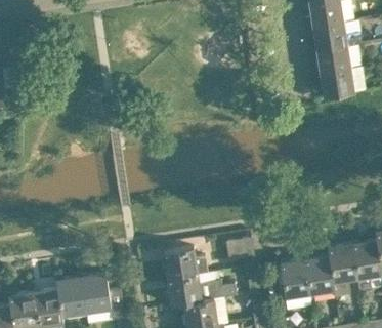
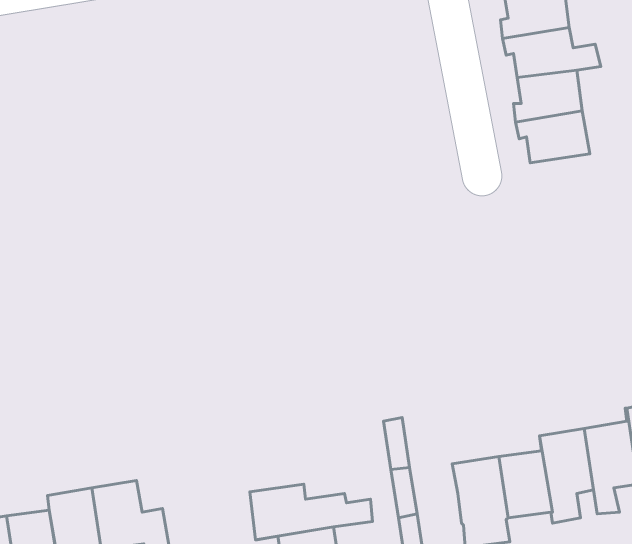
building: [163,246,208,278] -> none

